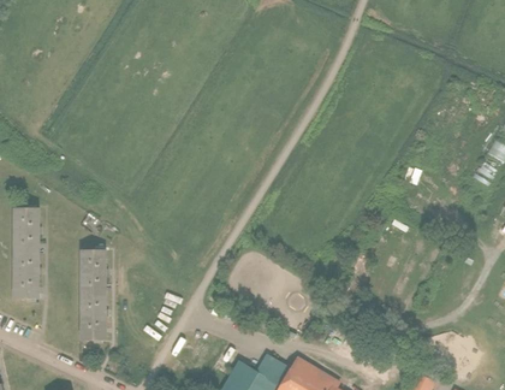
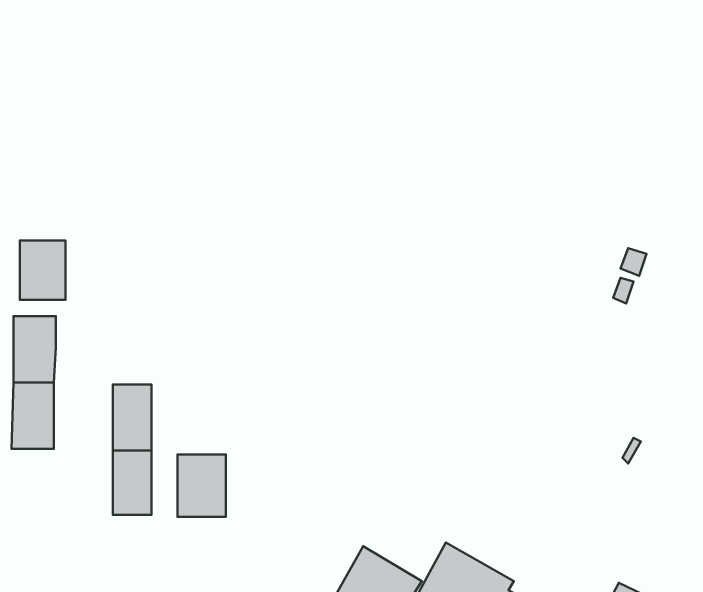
building: none -> [20,241,66,300]
building: none -> [178,454,226,517]

